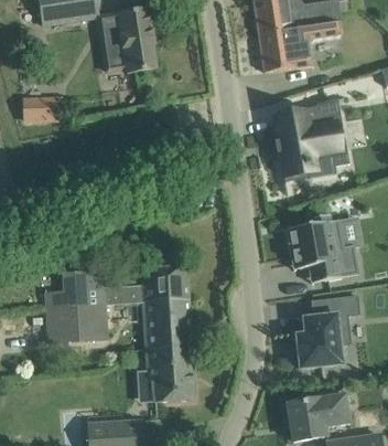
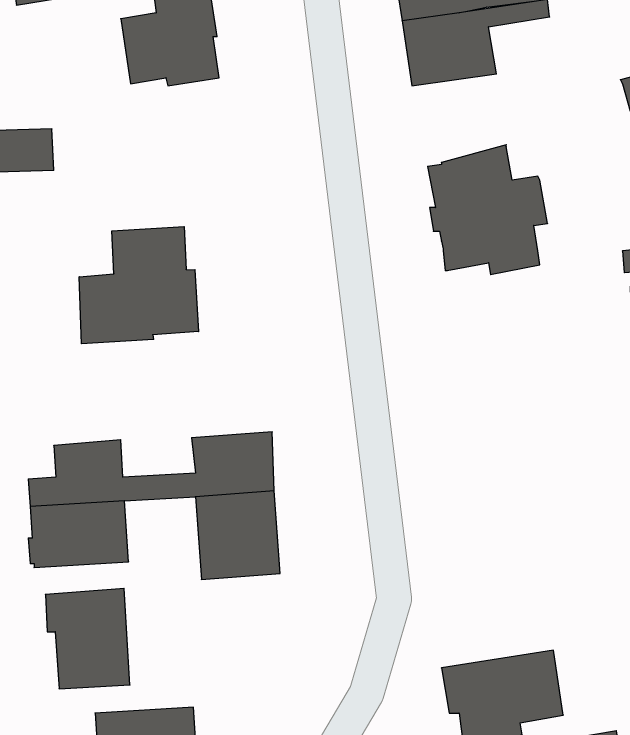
building: none -> [79,227,199,344]
building: [288,213,358,279] -> none
building: [297,294,359,367] -> none
building: [147,344,194,401] -> [45,588,130,689]

